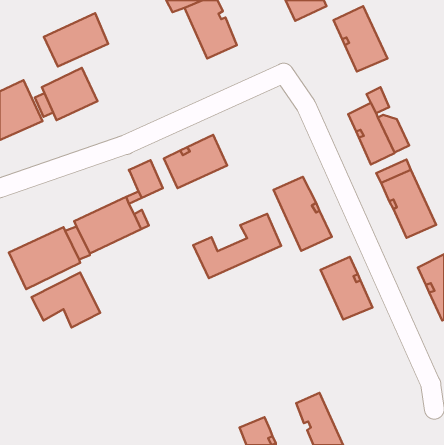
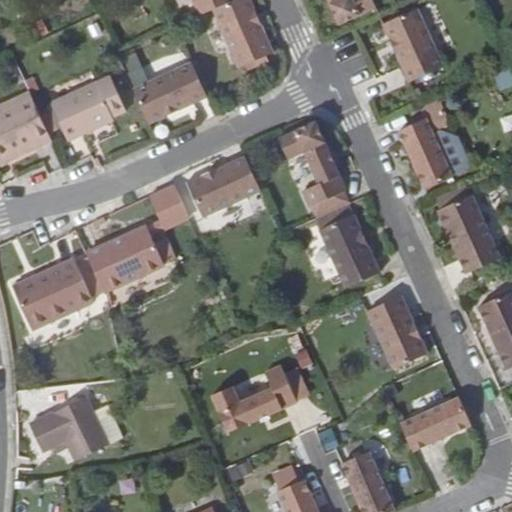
building: [44,13,108,66] -> [132,62,206,123]
building: none -> [279,121,347,207]
building: [193,214,281,278] -> [208,359,309,433]
building: [31,273,100,328] -> [28,399,107,462]
building: none -> [399,398,472,453]

